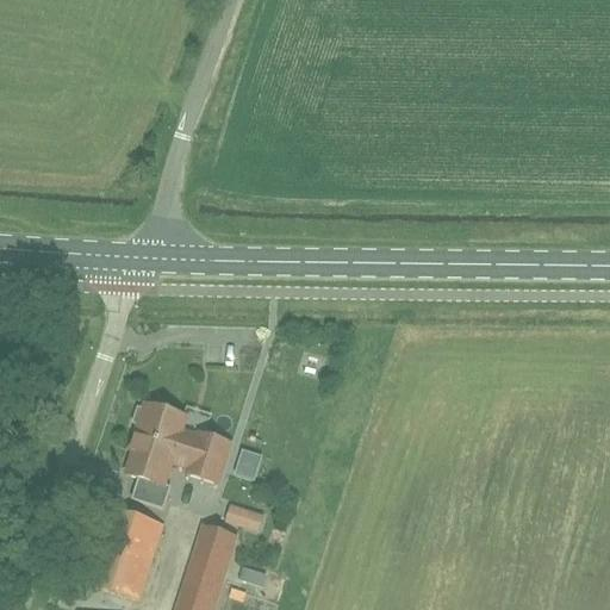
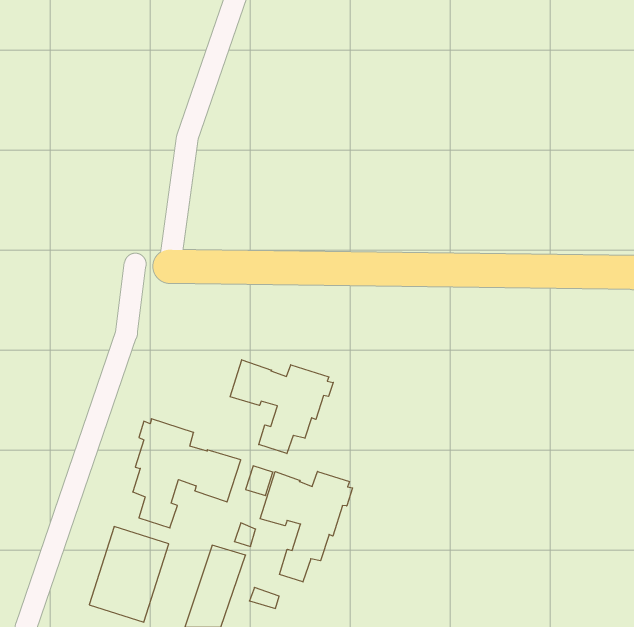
building: none -> [230,360,333,454]
building: none -> [260,471,353,582]

